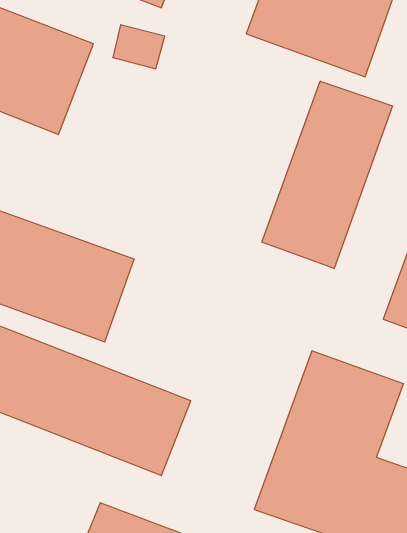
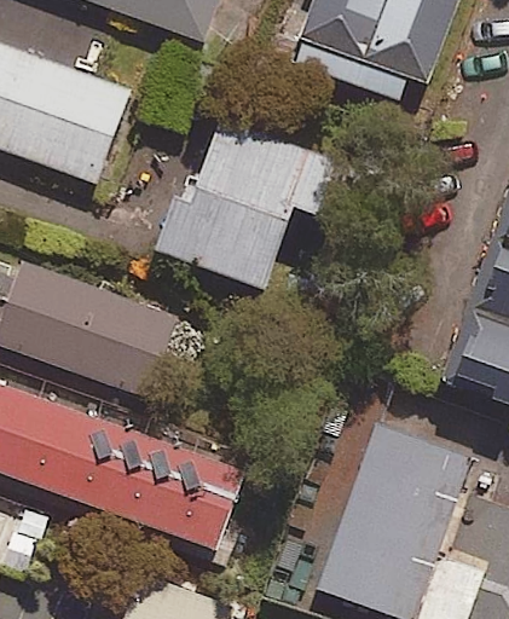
building: none -> [166,104,319,294]
building: [262,81,392,269] -> none

